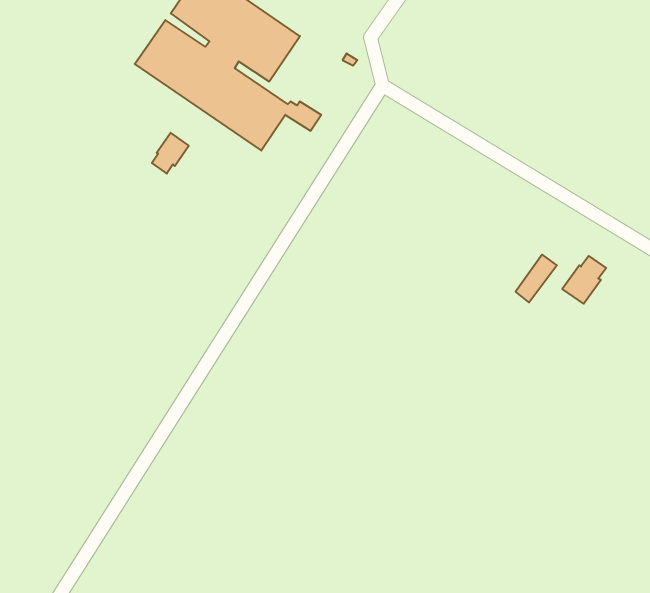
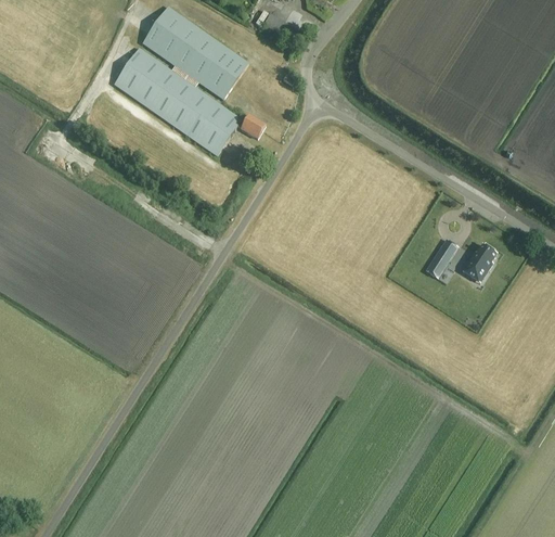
building: [152,133,189,174] -> none

